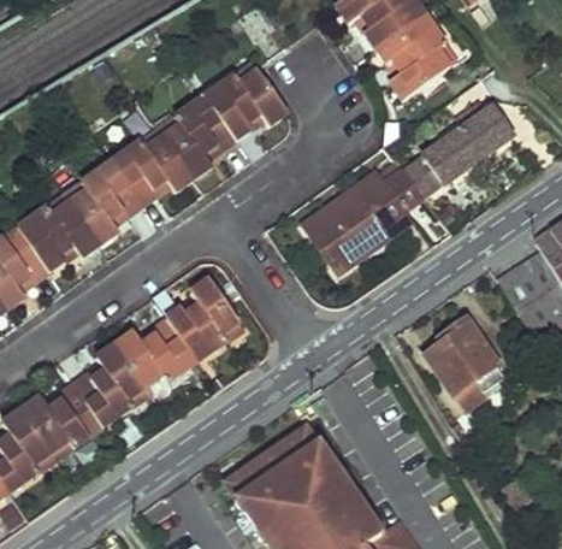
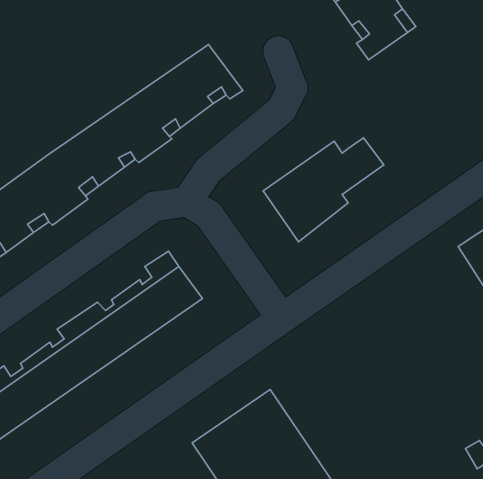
building: [402,104,515,195] -> none
building: [427,315,505,407] -> none

